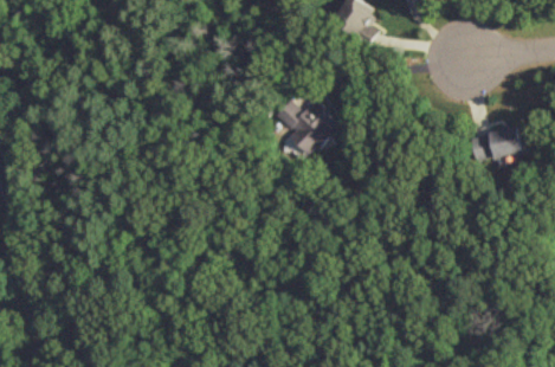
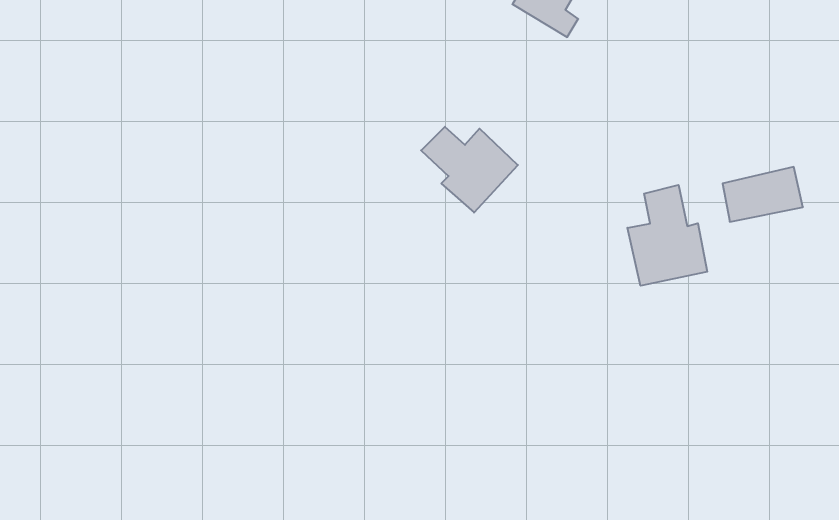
building: none -> [627,185,707,286]

